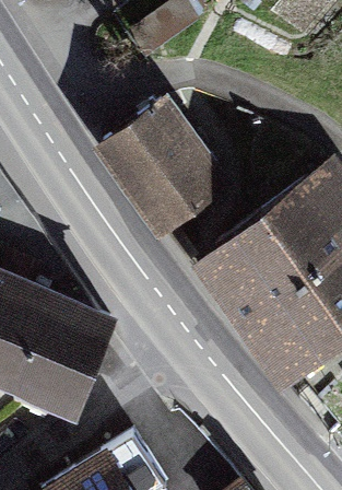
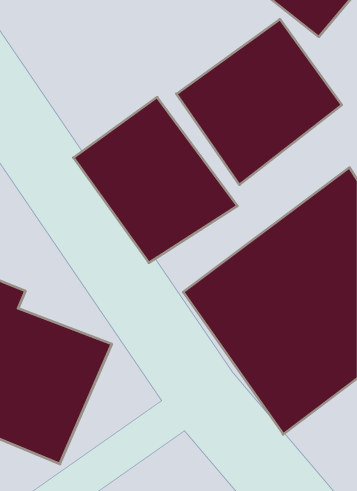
building: none -> [176,19,342,185]

